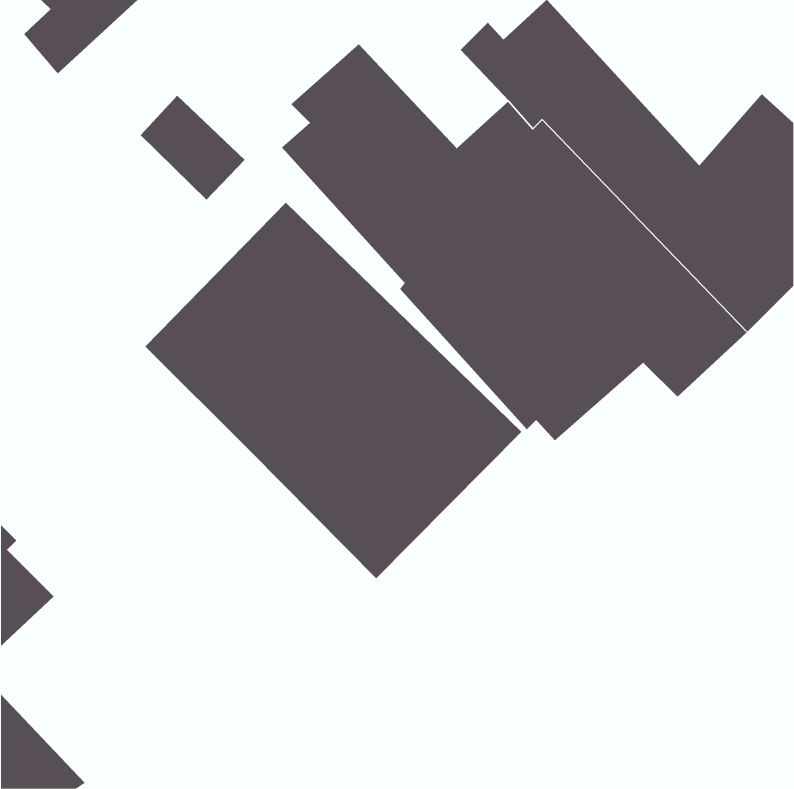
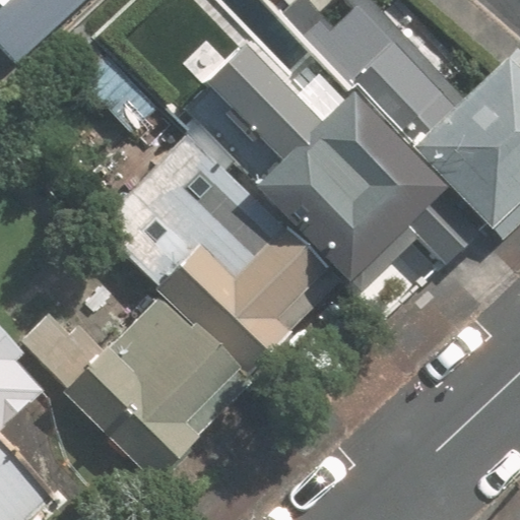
building: none -> [24,296,251,483]

